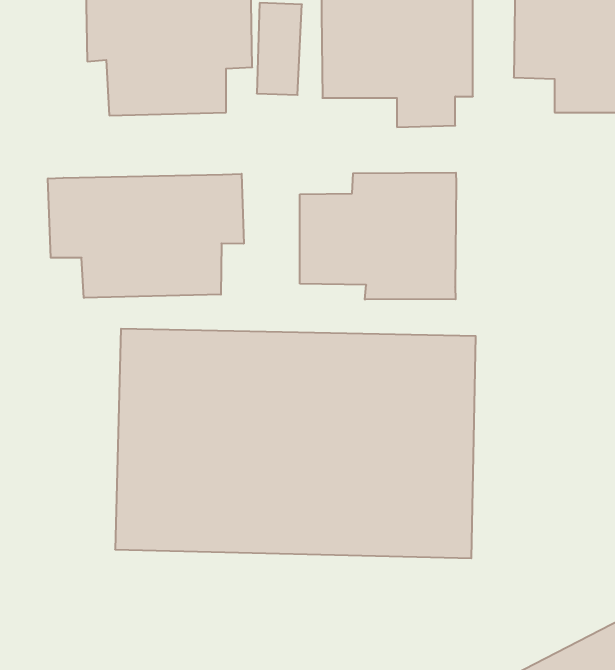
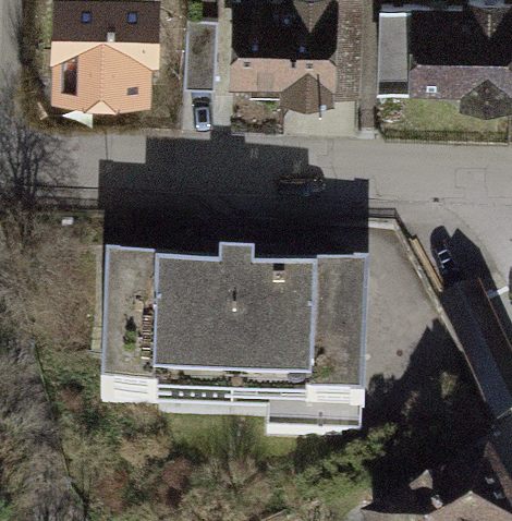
building: [300,173,456,300] -> none
building: [48,174,244,298] -> none

